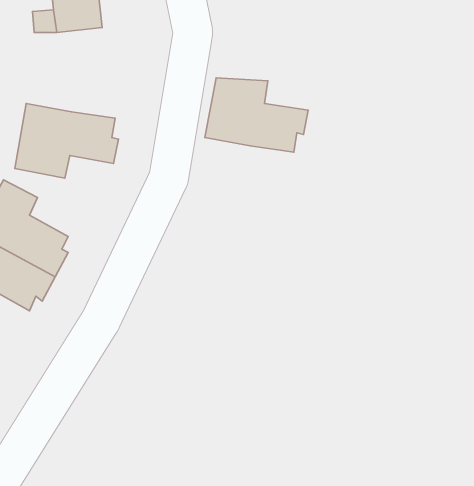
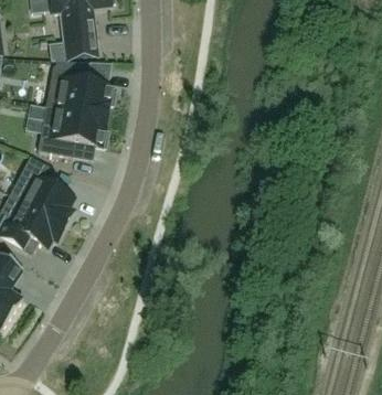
building: [205,78,308,152] -> [45,64,116,115]

